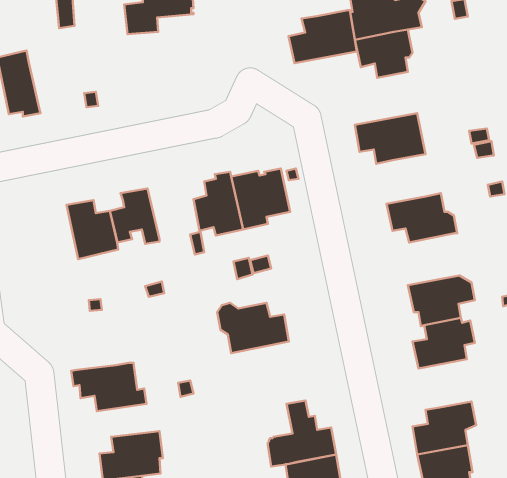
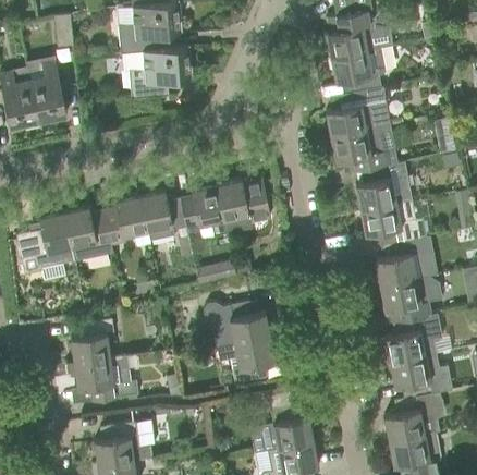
building: [289,10,357,63] -> [326,87,389,136]
building: none -> [121,46,193,99]
building: none -> [26,59,66,121]
building: none -> [356,162,411,209]
building: none -> [139,190,186,242]
building: none -> [16,210,75,275]
building: none -> [376,236,428,284]
building: none -> [71,318,114,363]
building: none -> [217,337,274,383]
building: none -> [390,353,451,398]

